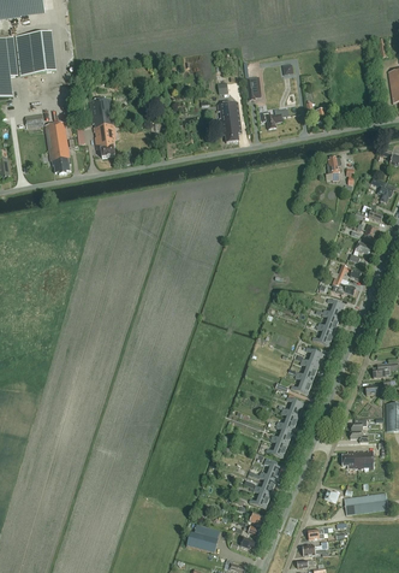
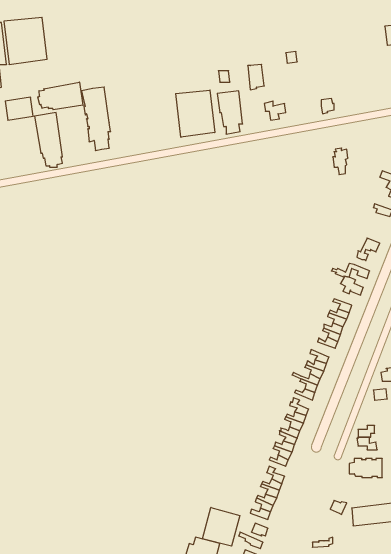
building: none -> [38,82,83,110]
building: none -> [176,90,215,137]
building: none -> [203,507,240,546]

